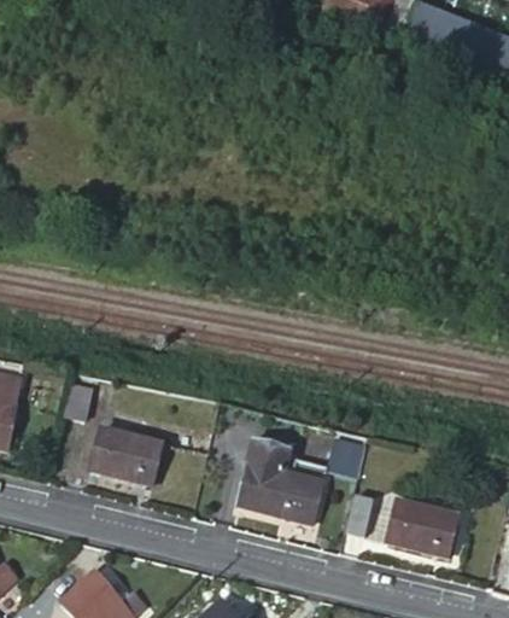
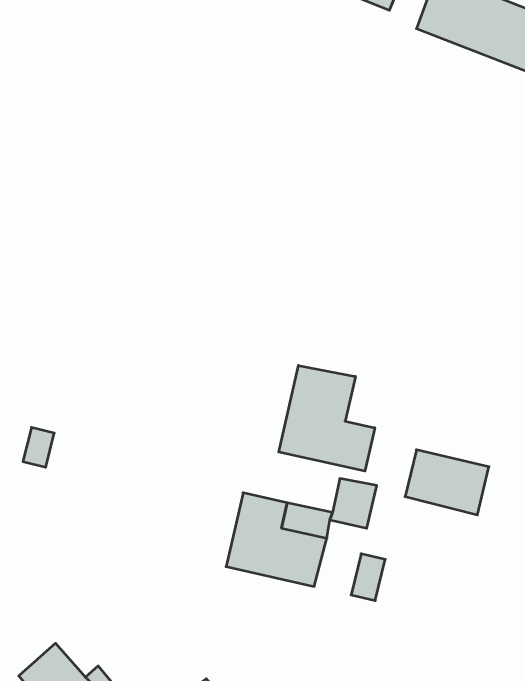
building: none -> [279,365,375,471]
building: [89,428,162,483] -> none
building: [386,500,457,555] -> [405,450,489,515]

